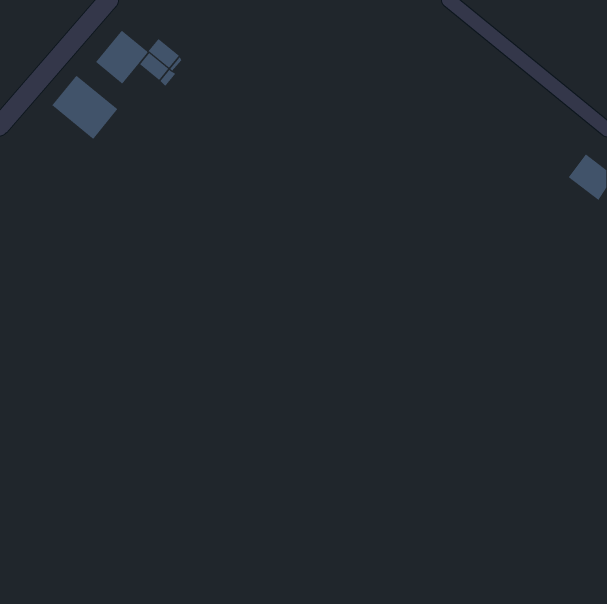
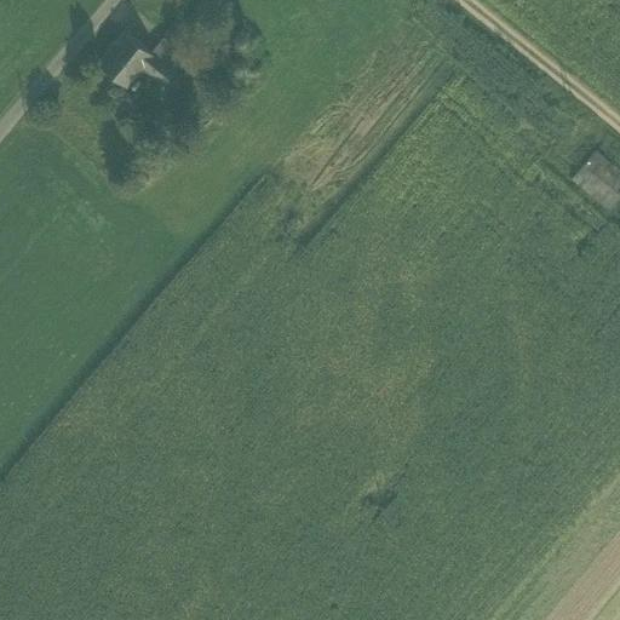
building: [52,75,118,140] -> none

